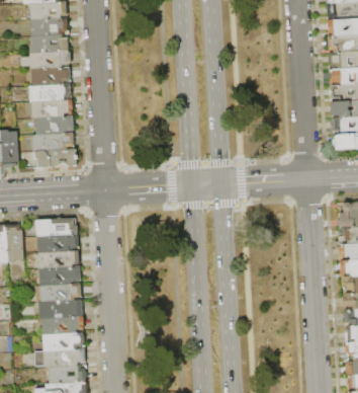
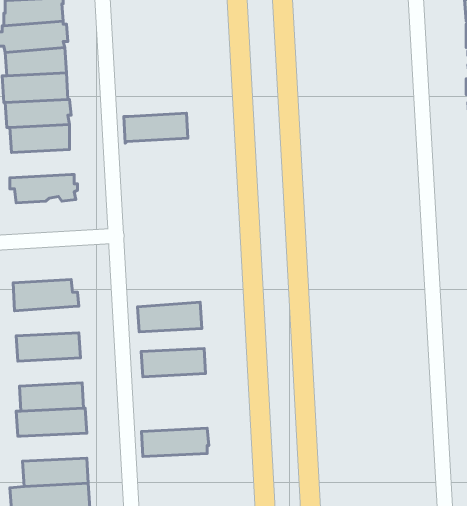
building: [32,134,74,153] -> [124,113,188,143]
building: [37,235,79,254] -> [138,302,202,332]
building: [39,268,81,287] -> [141,348,206,377]
building: [41,317,85,335] -> [141,428,209,456]

